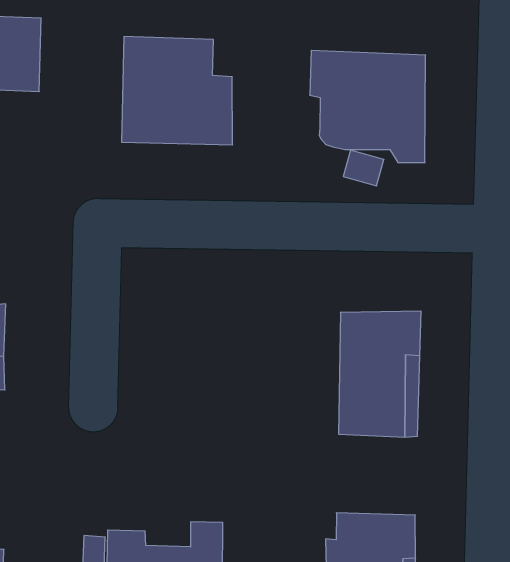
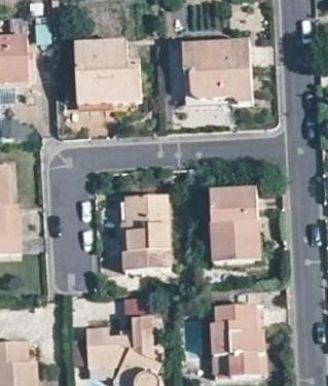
building: none -> [125,194,171,269]

